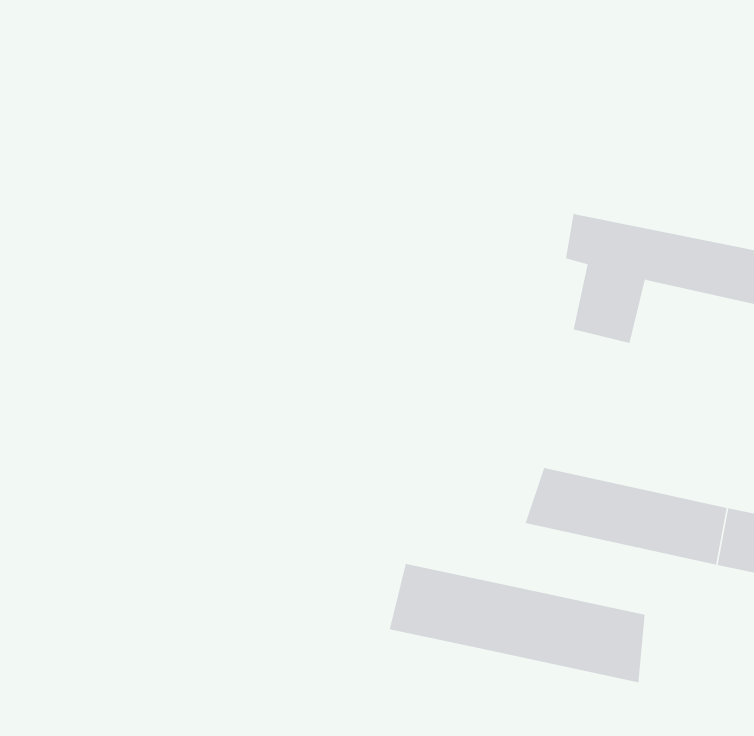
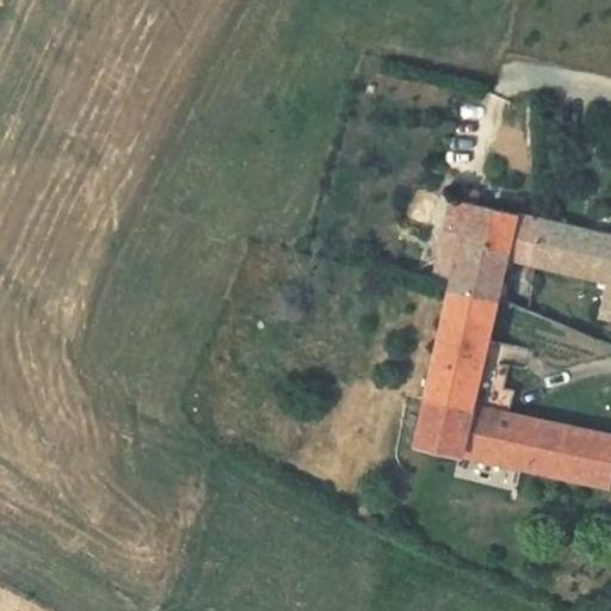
building: none -> [426,295,514,419]
building: [389,563,645,683] -> none

